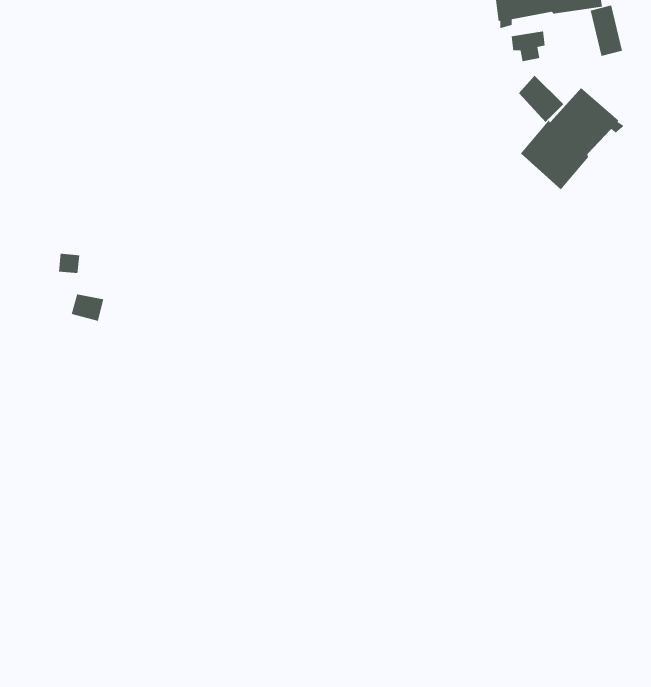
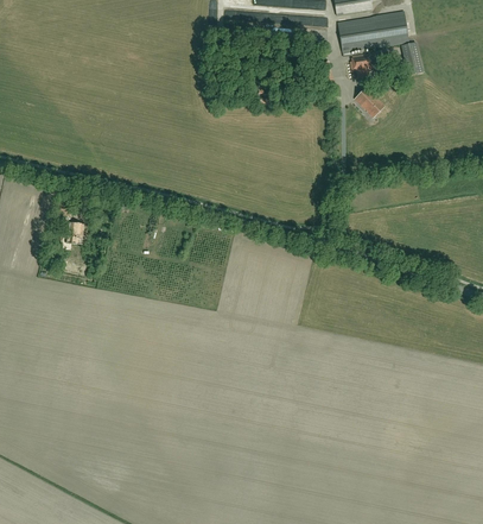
building: [520,87,625,190] -> none

